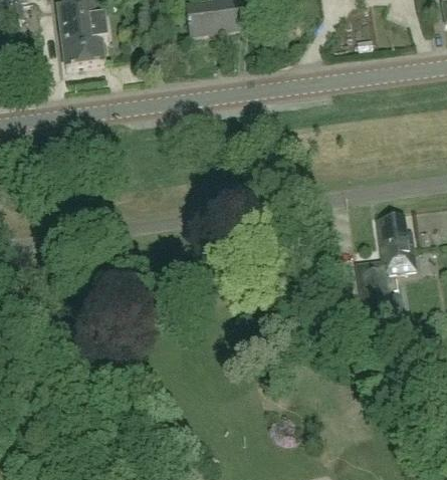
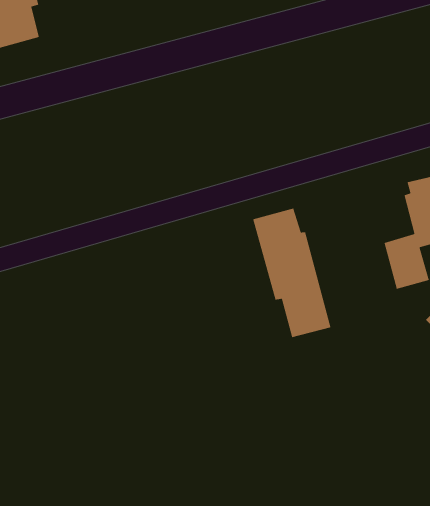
building: none -> [252,208,331,338]

